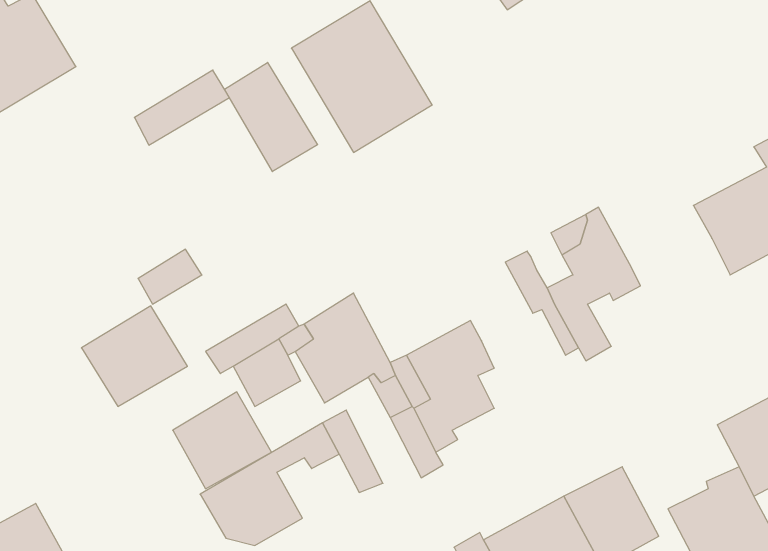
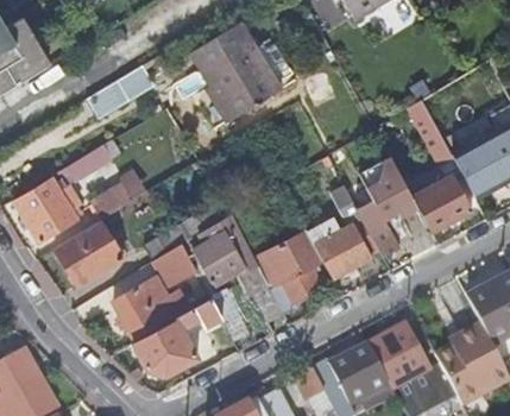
building: [225,62,318,172] -> none
building: none -> [408,99,472,232]
building: none -> [14,144,112,244]
building: none -> [314,222,371,278]

